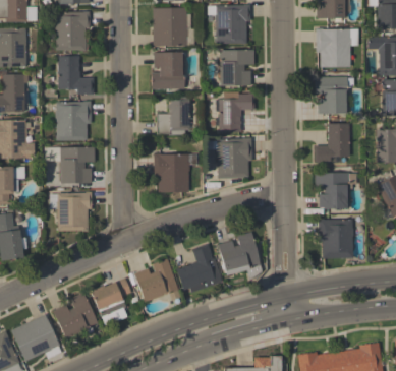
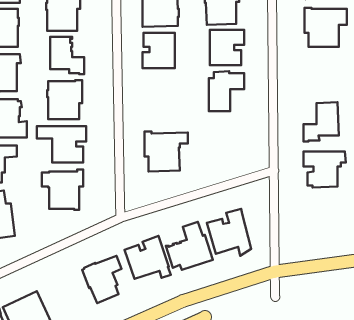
building: [315,76,354,114] -> none
building: [156,96,190,135] -> none
building: [212,137,251,178] -> none
building: [318,219,353,258] -> none
building: [52,293,98,338] -> none

